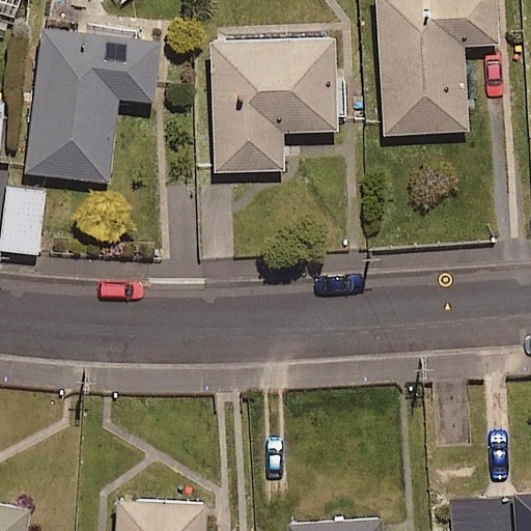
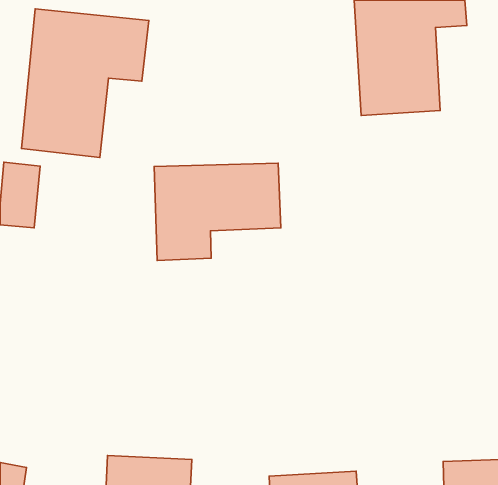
building: [211,37,337,172] -> none
building: none -> [154,163,281,260]

